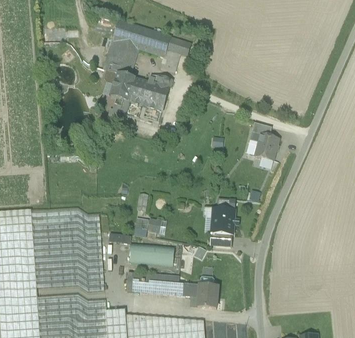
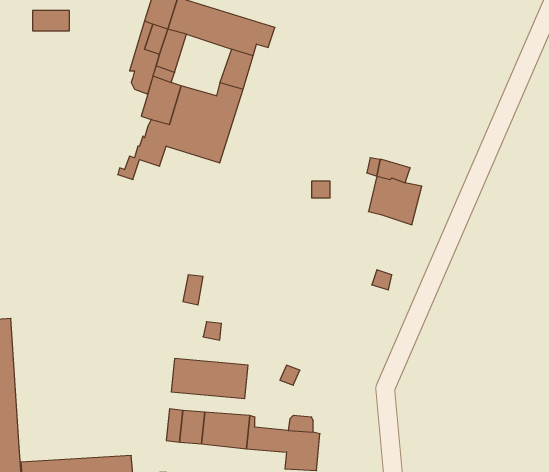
building: [211,206,234,233] -> none
building: [32,212,103,293] -> none

